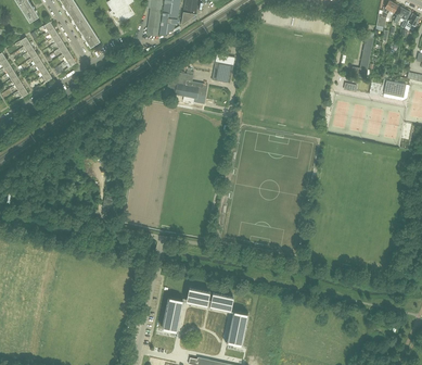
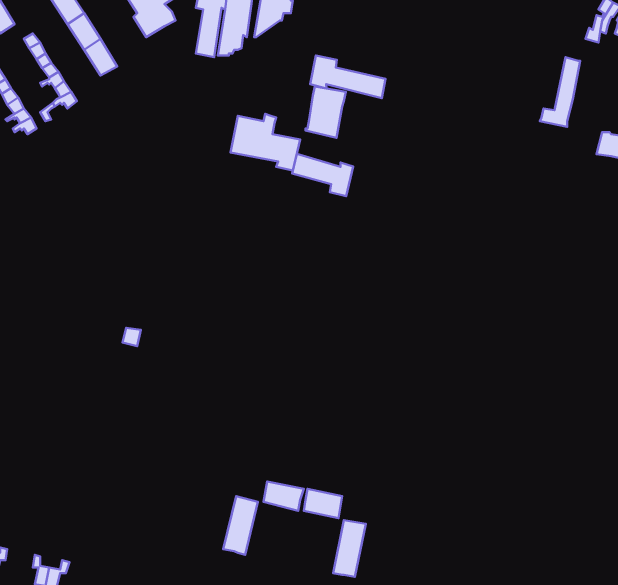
building: none -> [310,56,386,98]
building: none -> [292,154,353,196]

